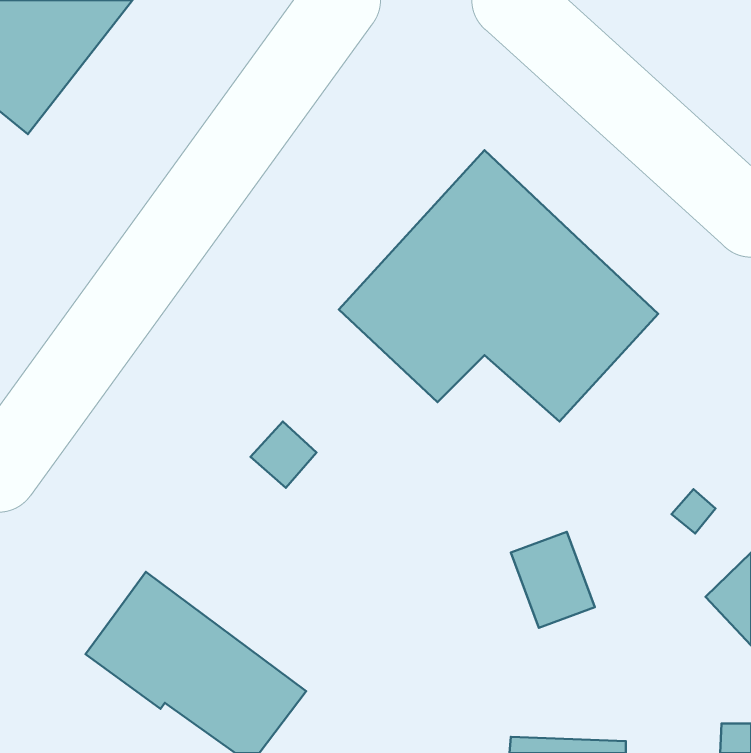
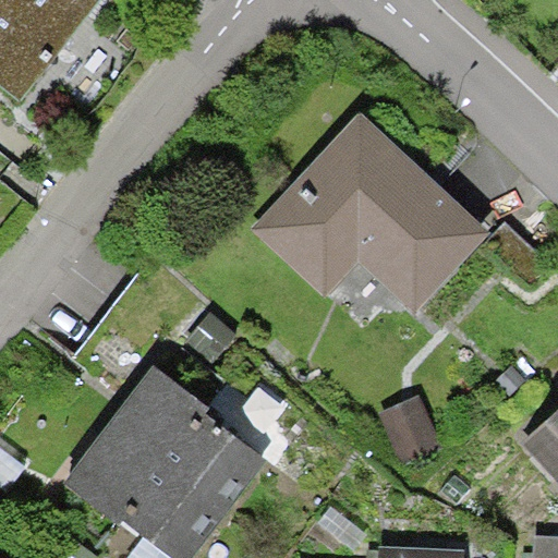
building: none -> [108,364,266,511]

